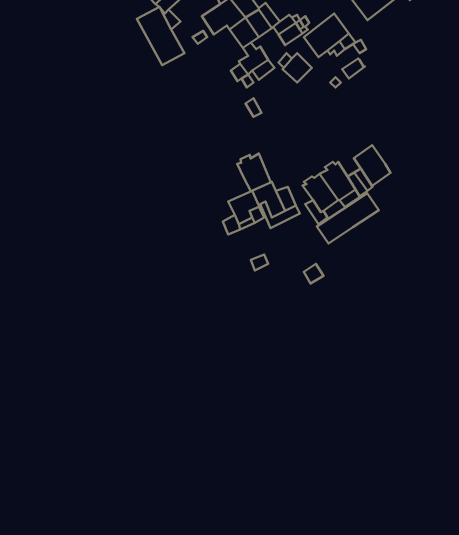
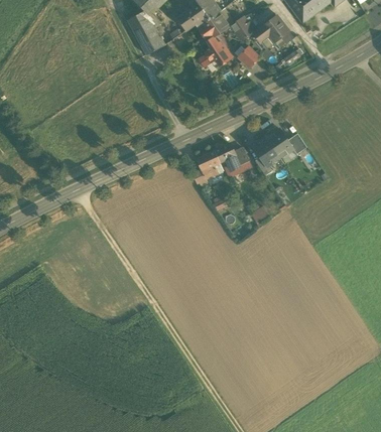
building: [354,145,390,186] -> none
building: [237,154,271,191] -> none
building: [317,193,379,244] -> none

